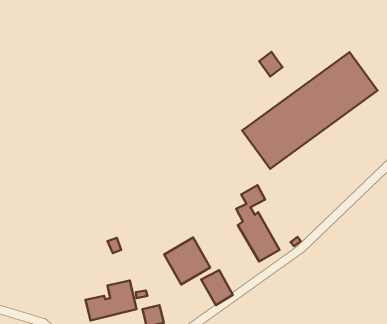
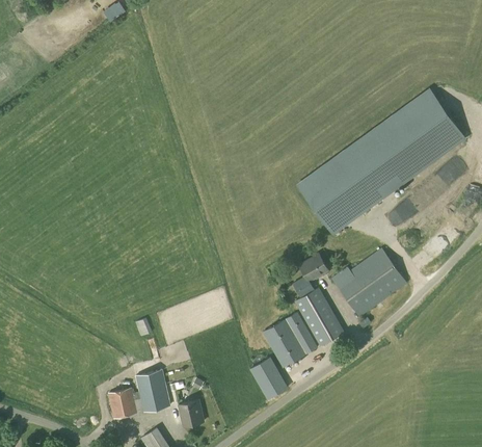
building: [259,52,283,76] -> none
building: none -> [330,248,406,318]
building: [164,238,210,284] -> [261,312,317,369]

